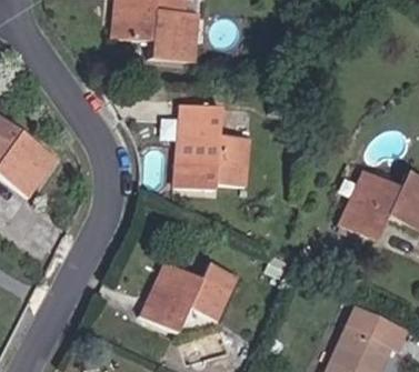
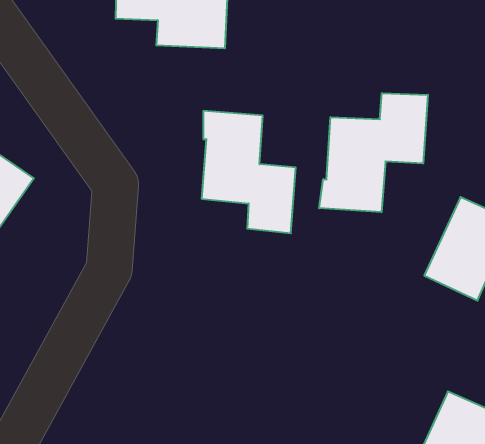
building: none -> [319,93,428,212]
building: [140,262,235,333] -> none

